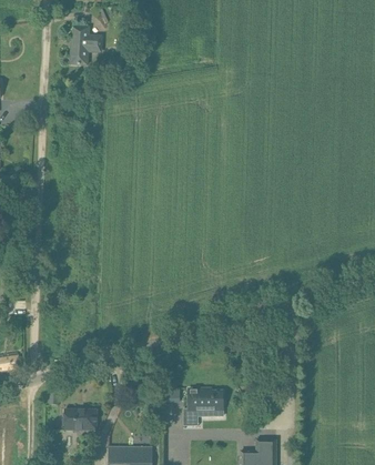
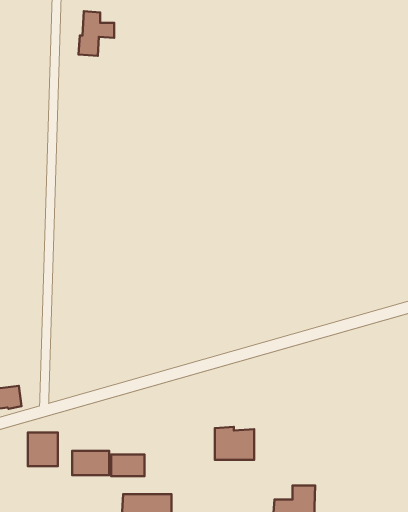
building: none -> [28,433,58,466]
building: none -> [111,454,144,476]

